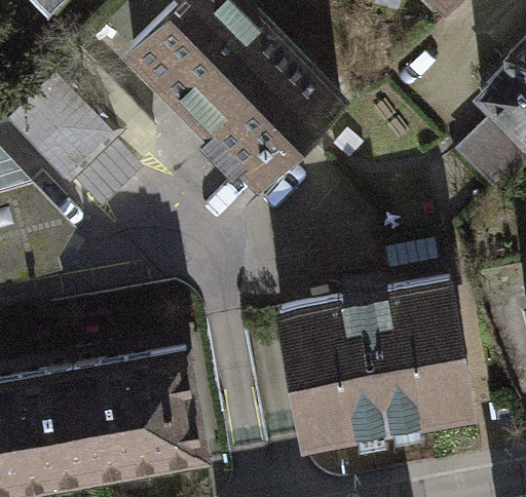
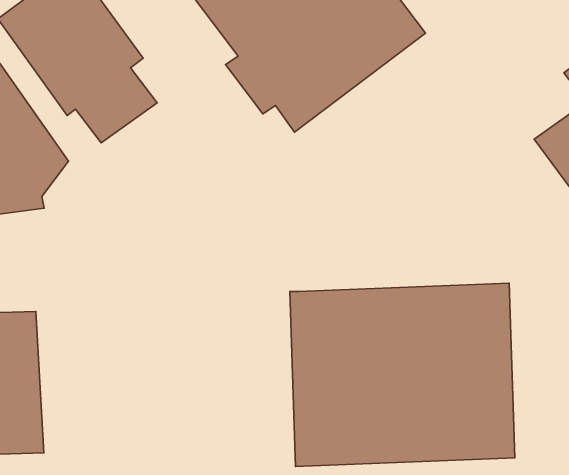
building: [68,338,206,472] -> none

